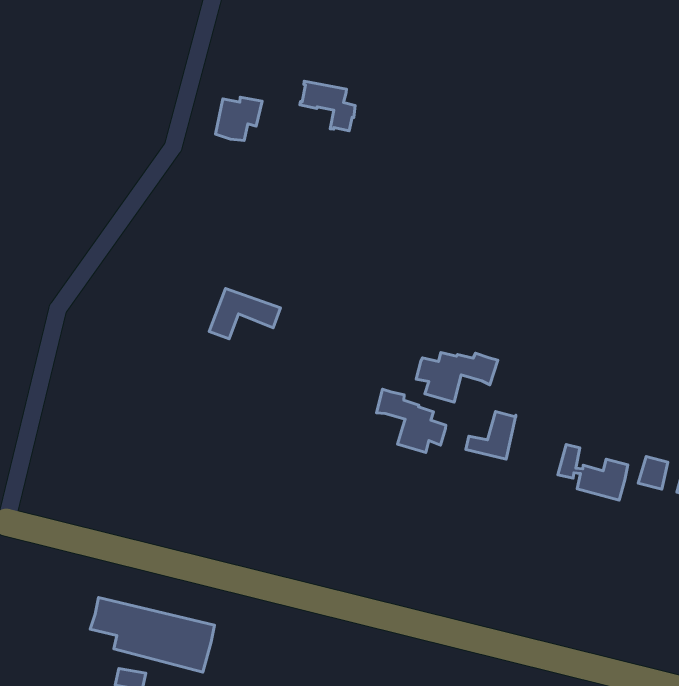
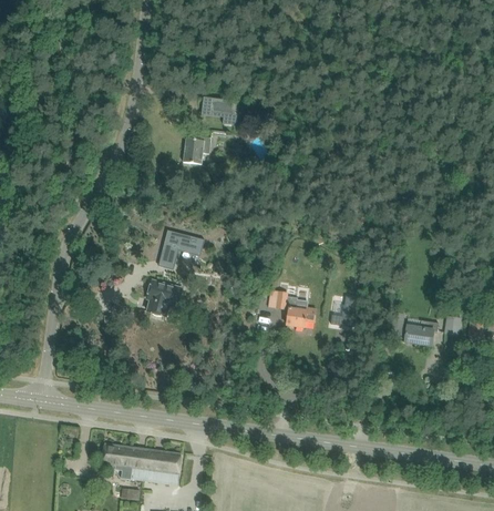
building: [216,97,262,141] -> [183,136,210,164]
building: [416,352,498,402] -> none
building: none -> [146,280,182,316]

